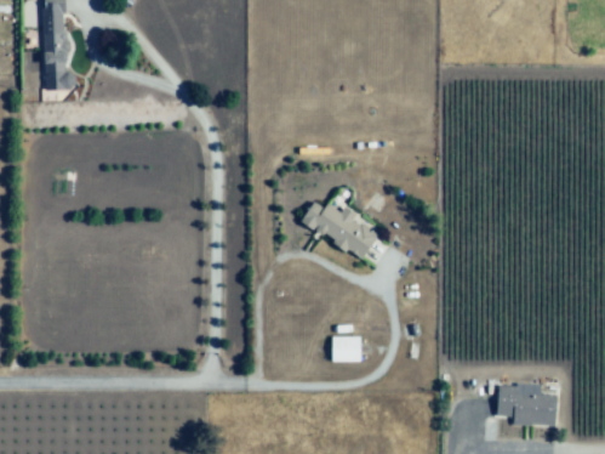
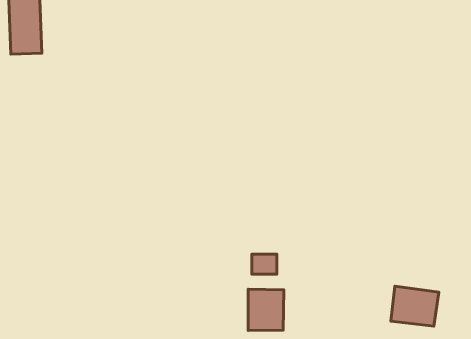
building: [298,192,384,265] -> none
building: none -> [248,289,284,331]

